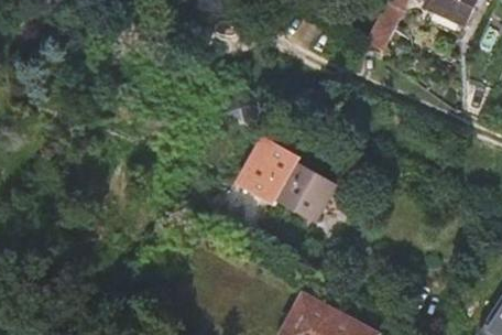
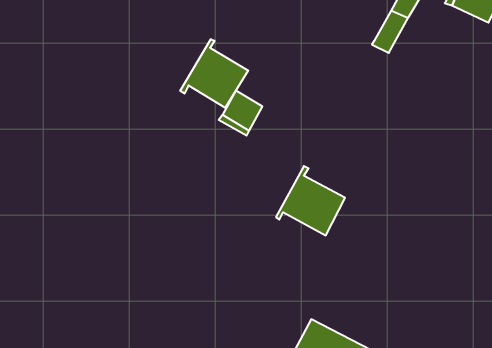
building: none -> [180,39,248,108]
building: [237,137,295,202] -> none

